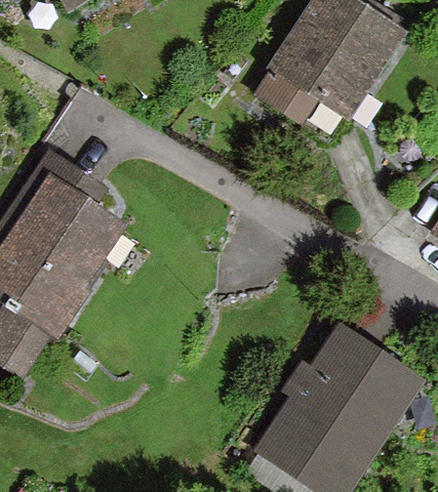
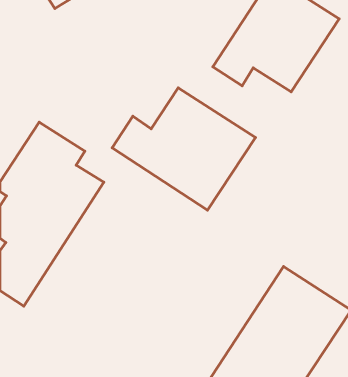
building: none -> [112,88,255,210]

